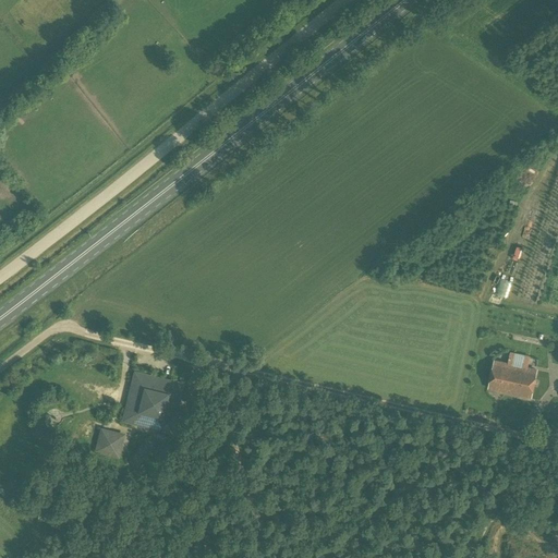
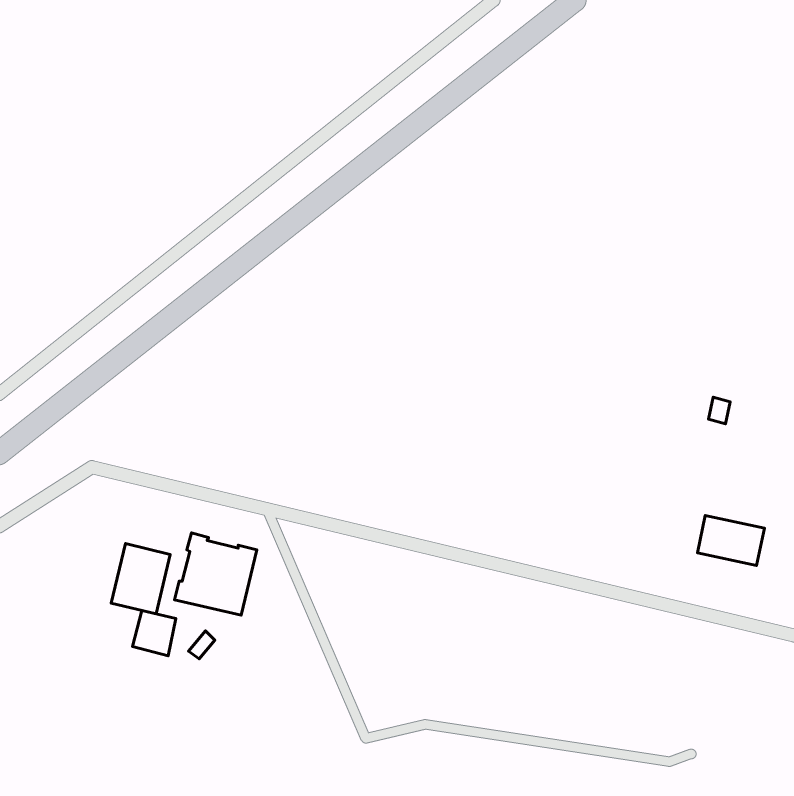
building: none -> [111,544,170,614]

